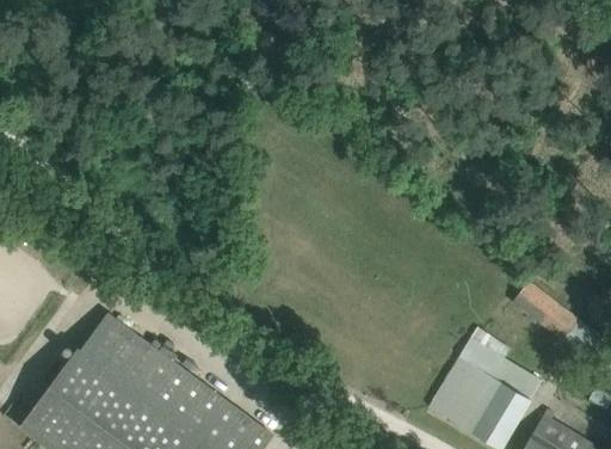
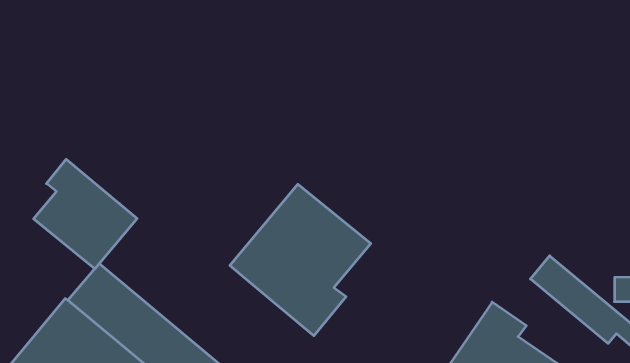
building: none -> [34,159,137,269]
building: none -> [230,184,371,336]

